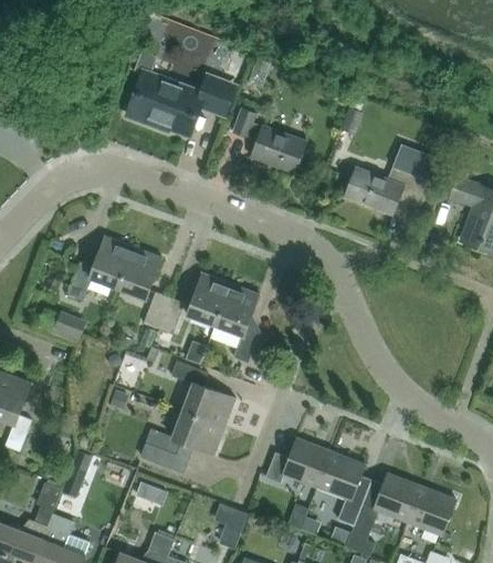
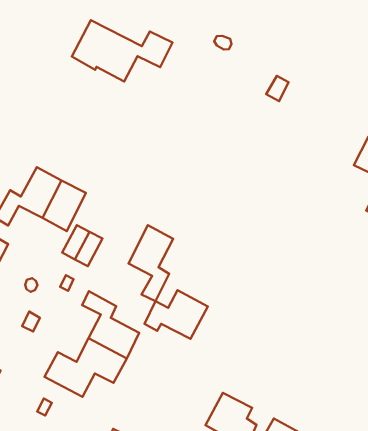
building: [233,108,305,176] -> none
building: [348,145,434,213] -> none
building: [187,272,231,326] -> none
building: [266,438,332,488] -> [144,290,208,339]

